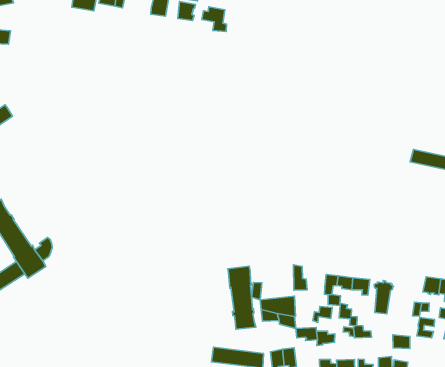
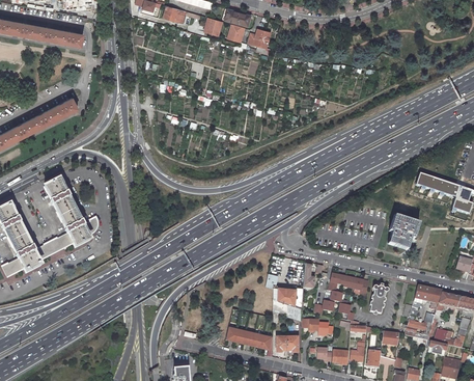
building: none -> [387,216,418,250]
building: [228,266,256,329] -> none

